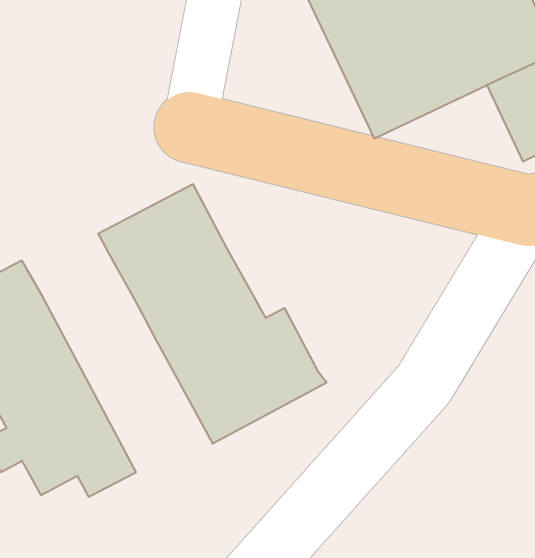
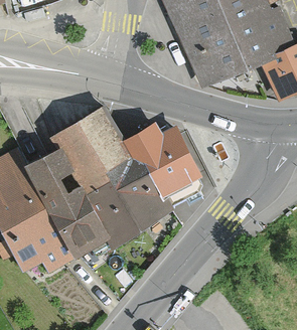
building: none -> [122,126,204,210]
building: none -> [24,150,114,263]

